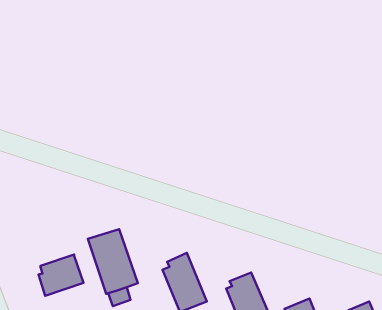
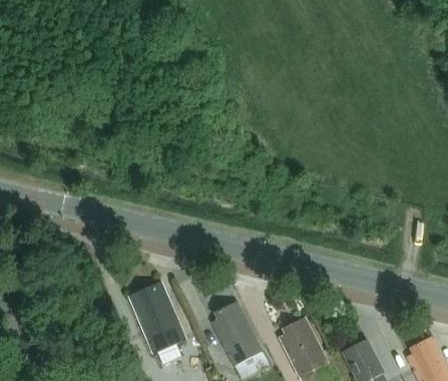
building: [38,255,83,296] -> none

